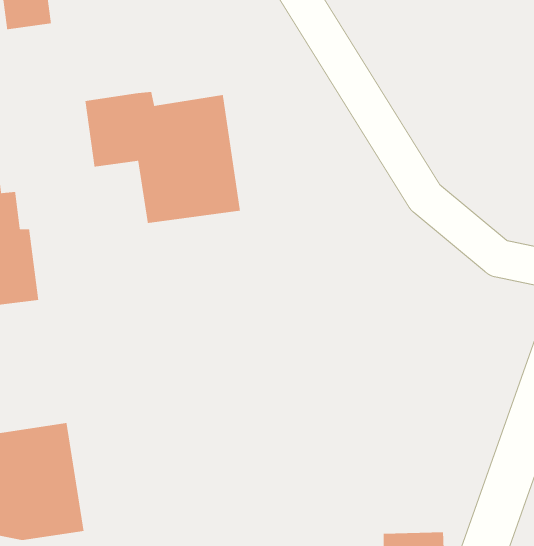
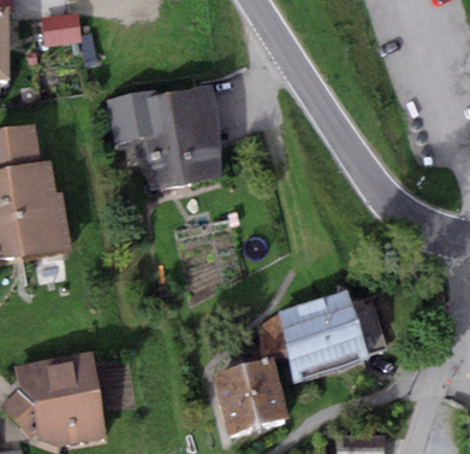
building: none -> [278,288,368,376]
building: none -> [213,354,291,432]

